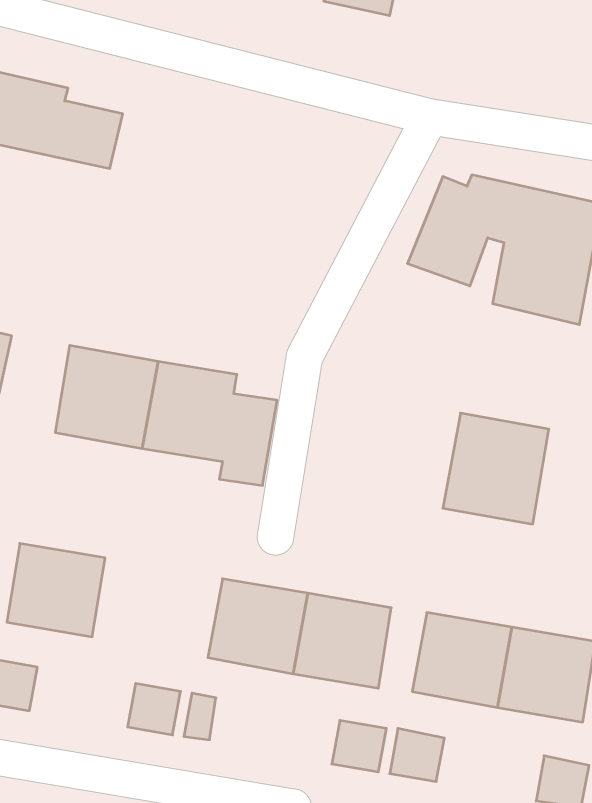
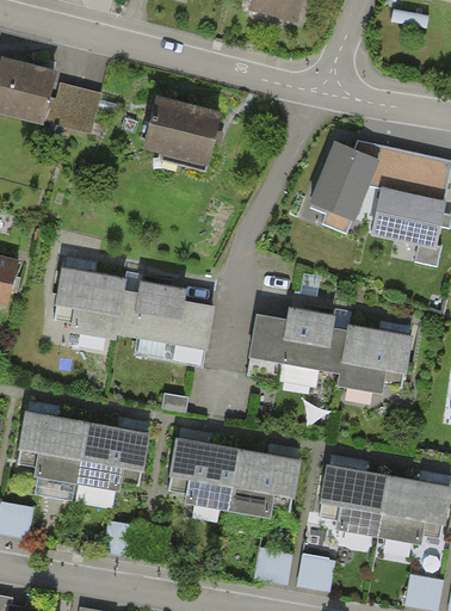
building: none -> [142,101,220,166]
building: none -> [245,306,350,387]
building: none -> [76,424,149,493]

